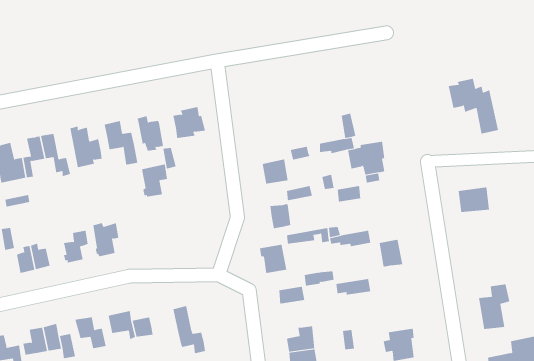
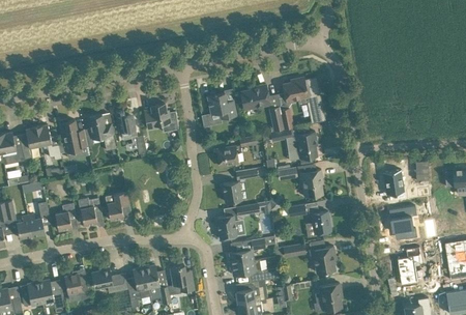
building: [448,78,499,134] -> [283,77,324,122]
building: none -> [240,84,270,108]
building: none -> [207,92,236,119]
building: [141,164,168,197] -> [106,192,127,219]
building: none -> [300,169,323,196]
building: none -> [382,206,417,233]
building: none -> [310,246,336,273]
building: none -> [231,259,270,282]
building: none -> [168,264,195,294]
building: none -> [127,267,150,299]

